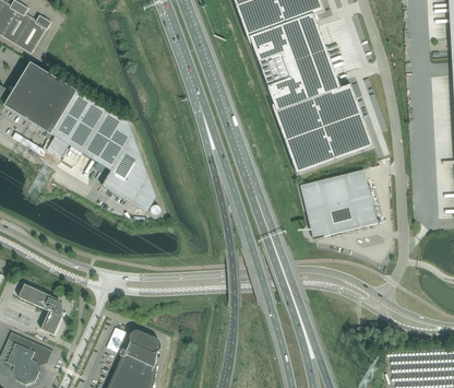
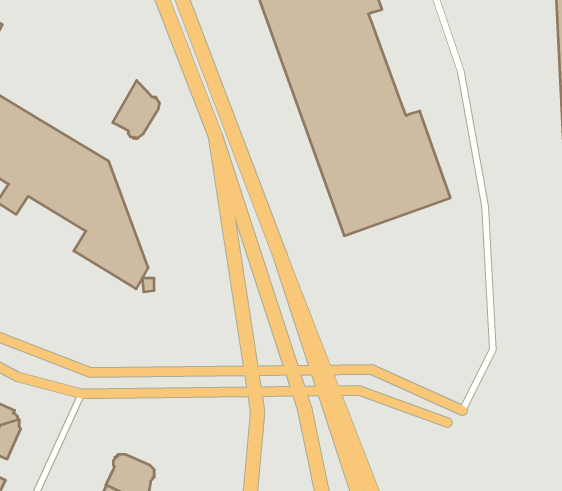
building: none -> [113,80,159,139]
building: [299,168,377,237] -> none

